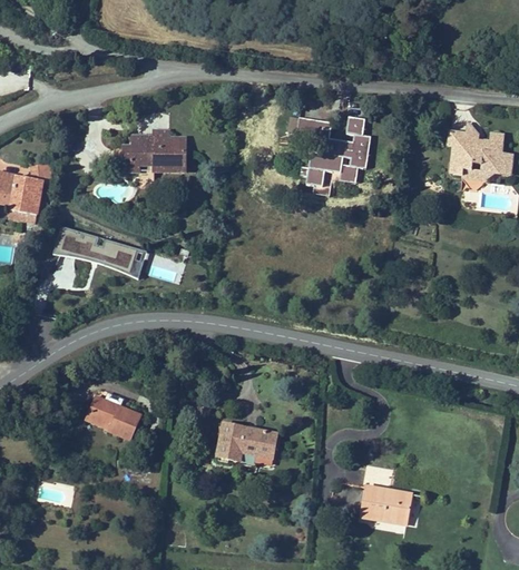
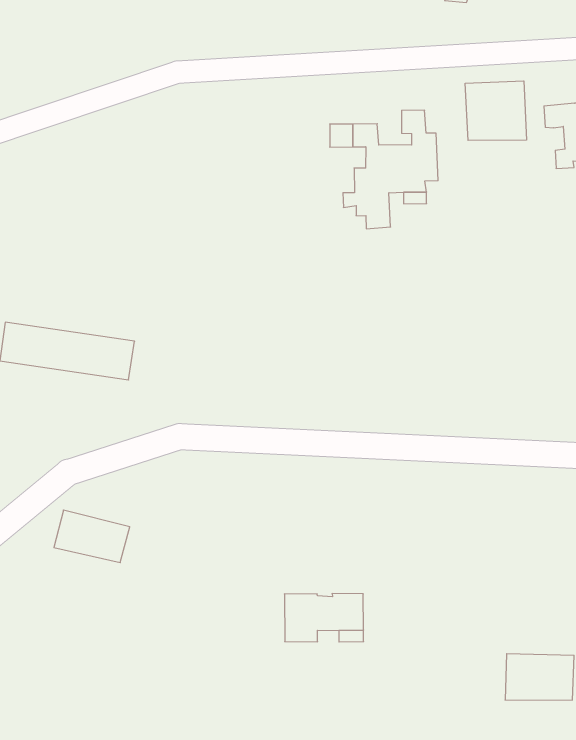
building: none -> [465,81,526,140]
building: [116,132,180,181] -> none
building: [87,402,140,443] -> [54,510,130,563]

